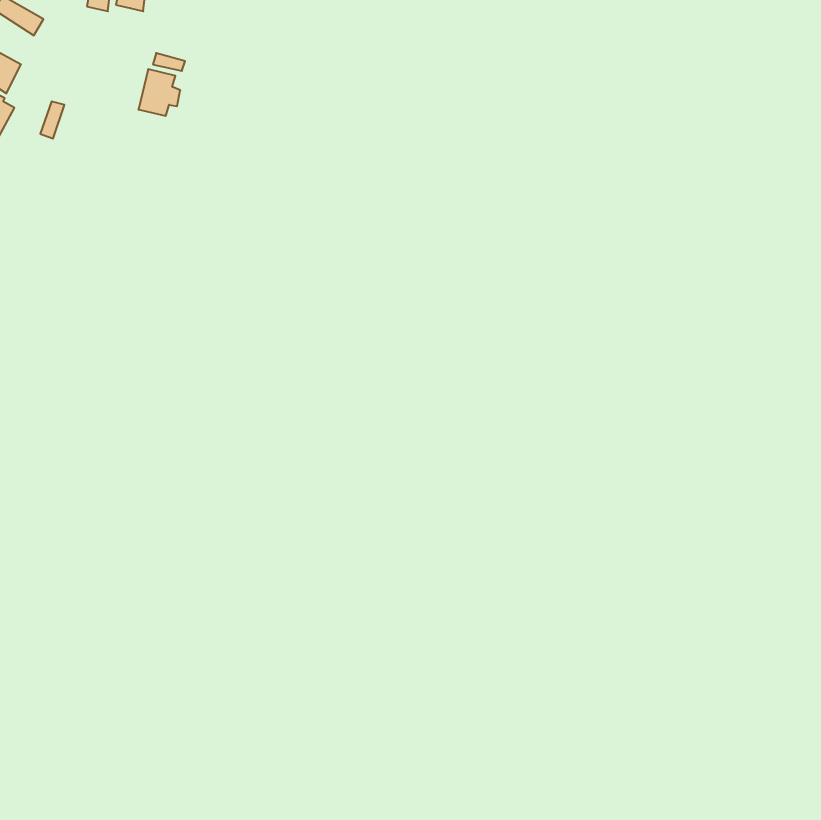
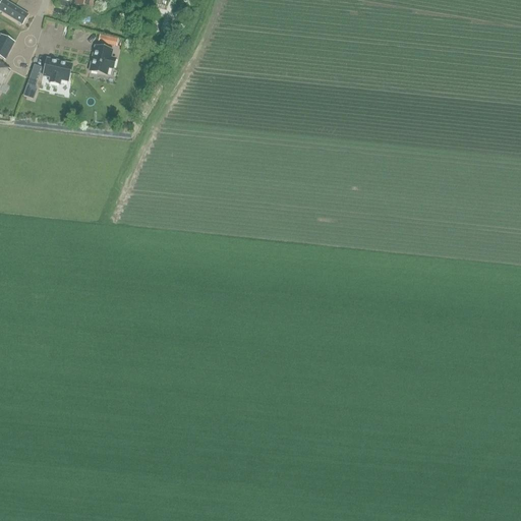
building: none -> [42,56,70,82]

